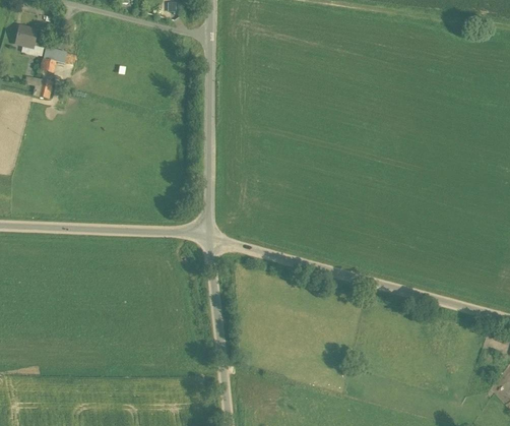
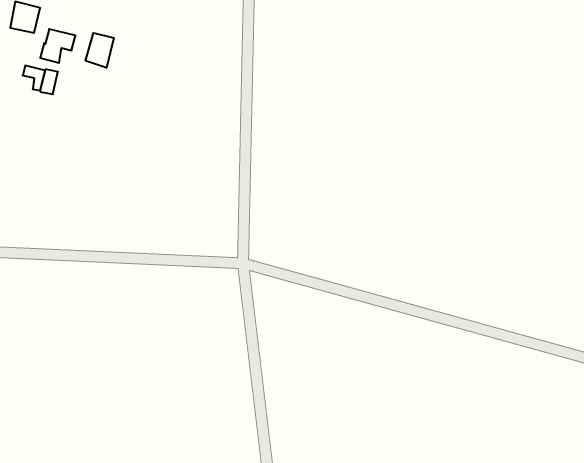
building: none -> [86,33,114,68]

